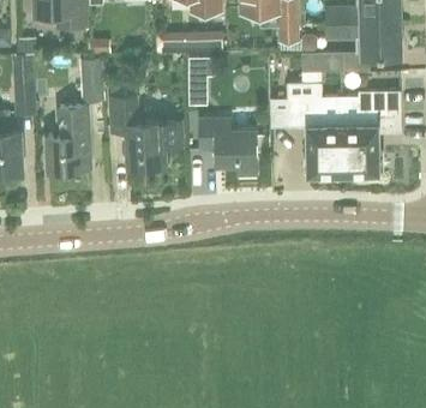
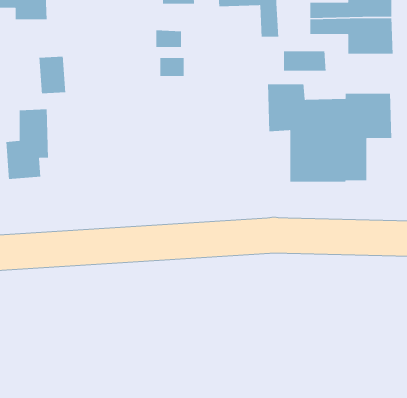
building: [108,97,181,168] -> none
building: [198,121,258,175] -> none

